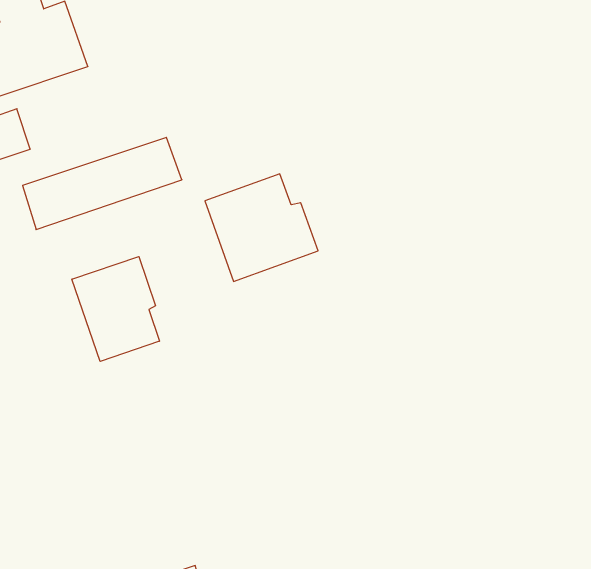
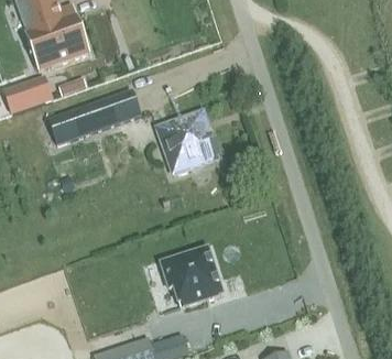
building: [72,257,159,361] -> none
building: none -> [161,247,222,307]

